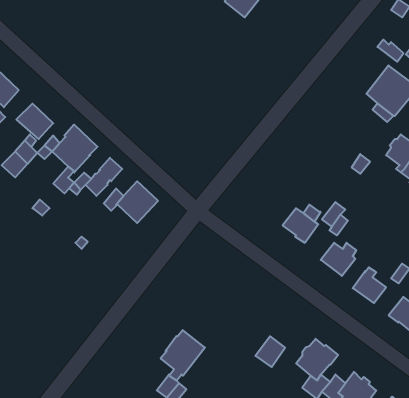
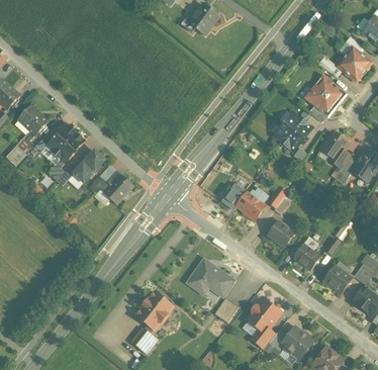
building: none -> [273,111,312,151]
building: none -> [220,181,247,209]
building: none -> [187,259,233,295]

